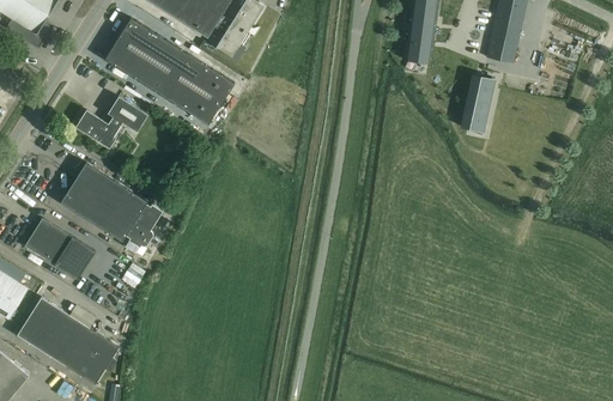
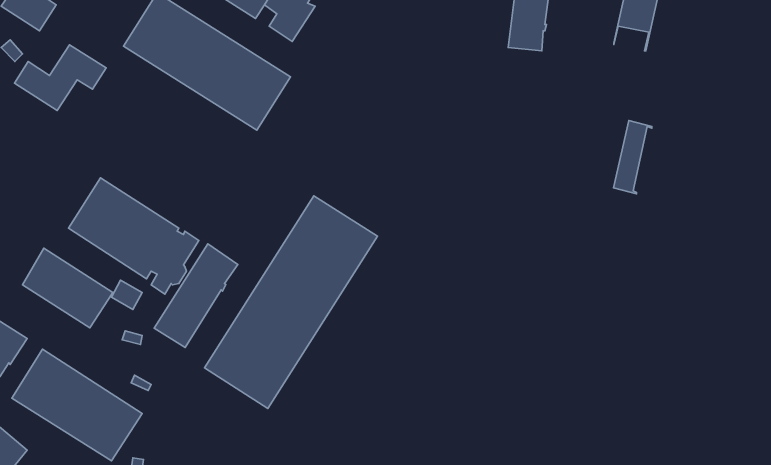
building: [465,74,494,132] -> [613,120,652,194]
building: [75,96,147,147] -> [14,45,106,111]
building: none -> [204,196,377,408]
building: none -> [154,244,238,347]

